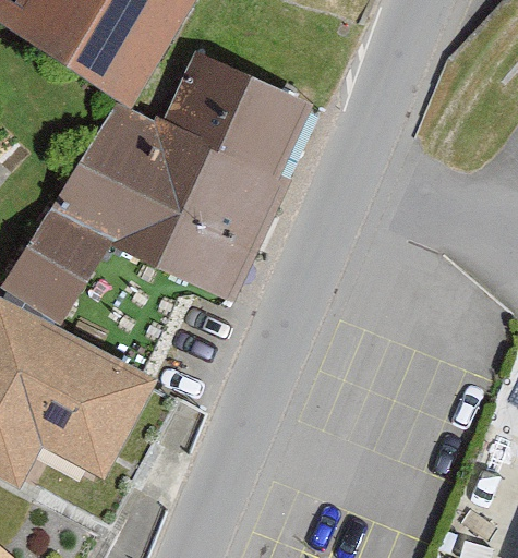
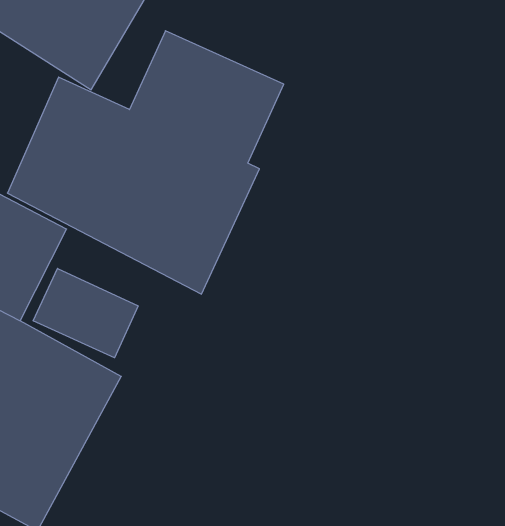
building: none -> [33,268,138,358]

